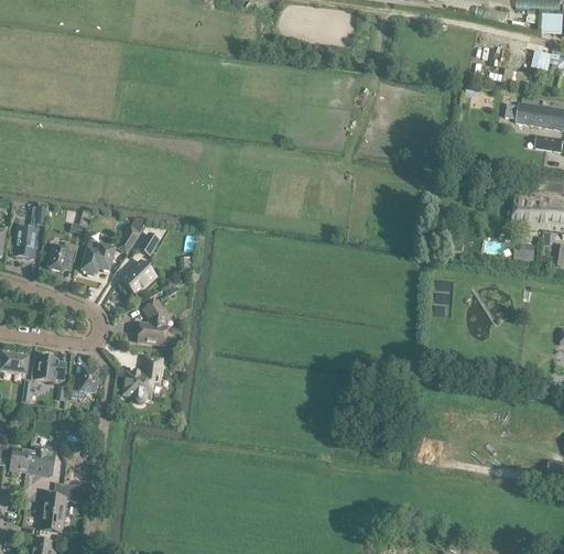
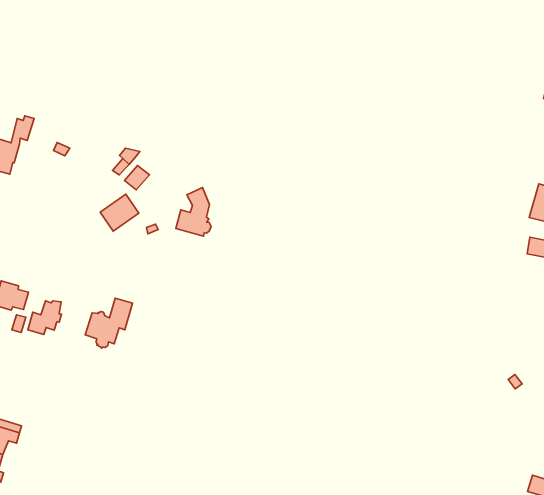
building: [47,241,78,272] -> none
building: [83,242,116,275] -> none
building: [139,300,171,344] -> [176,188,211,236]

